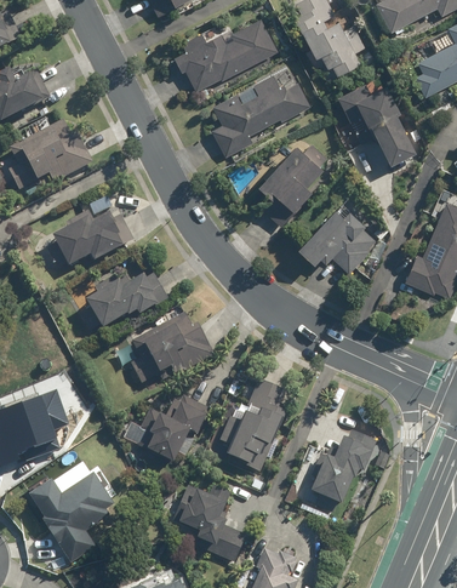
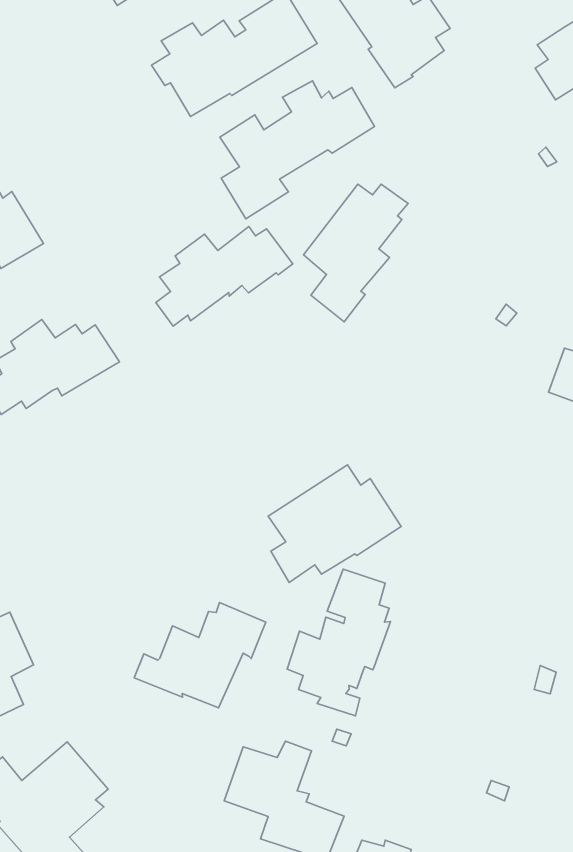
building: [335,85,411,164] -> none
building: [297,207,375,273] -> none
building: [79,273,166,331] -> [156,227,293,326]
building: [135,312,217,382] -> [268,465,401,583]
building: [315,430,381,512] -> none

